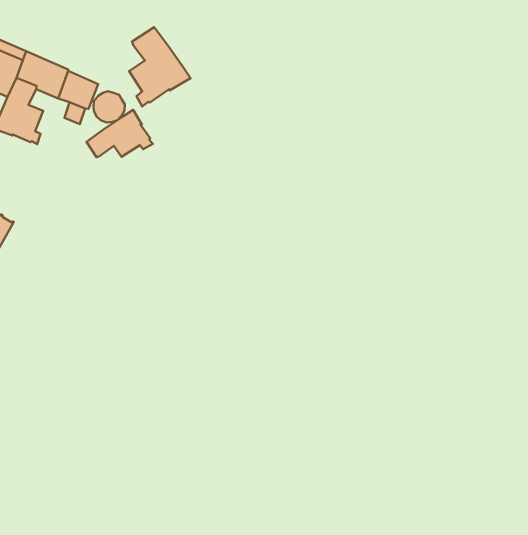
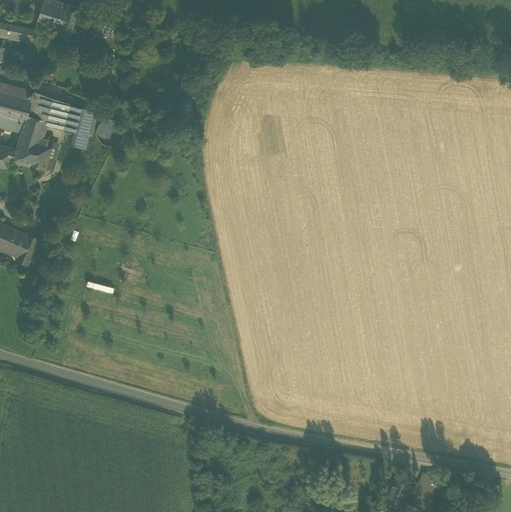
building: [129,27,191,106] -> none
building: [86,110,153,157] -> none

